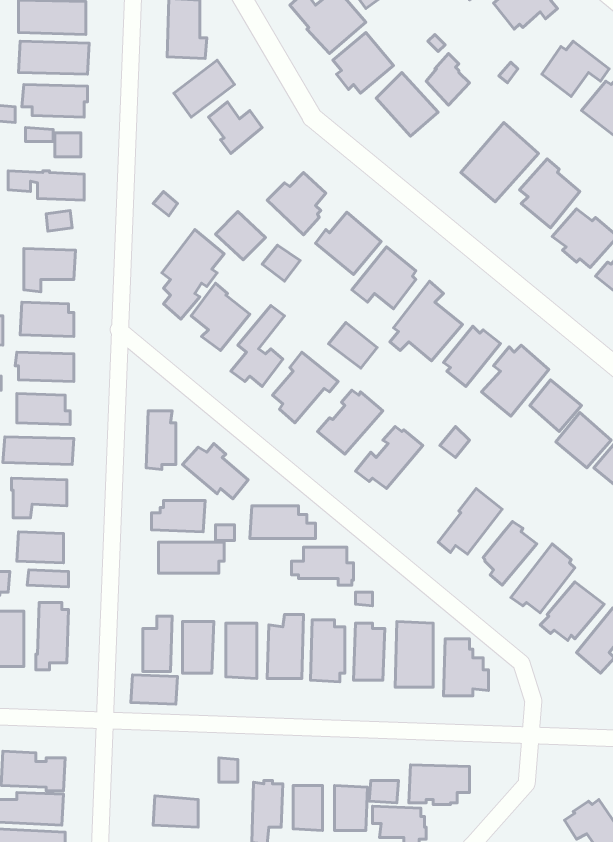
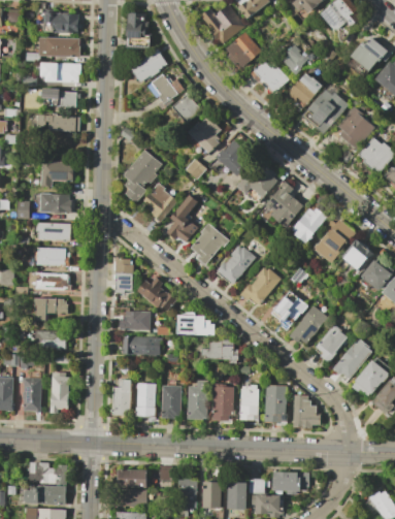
building: none -> [285,72,322,110]
building: [216,212,266,260] -> [171,94,201,123]
building: [329,322,377,368] -> none
building: none -> [271,291,307,330]
building: [131,675,178,704] -> [119,469,146,487]

